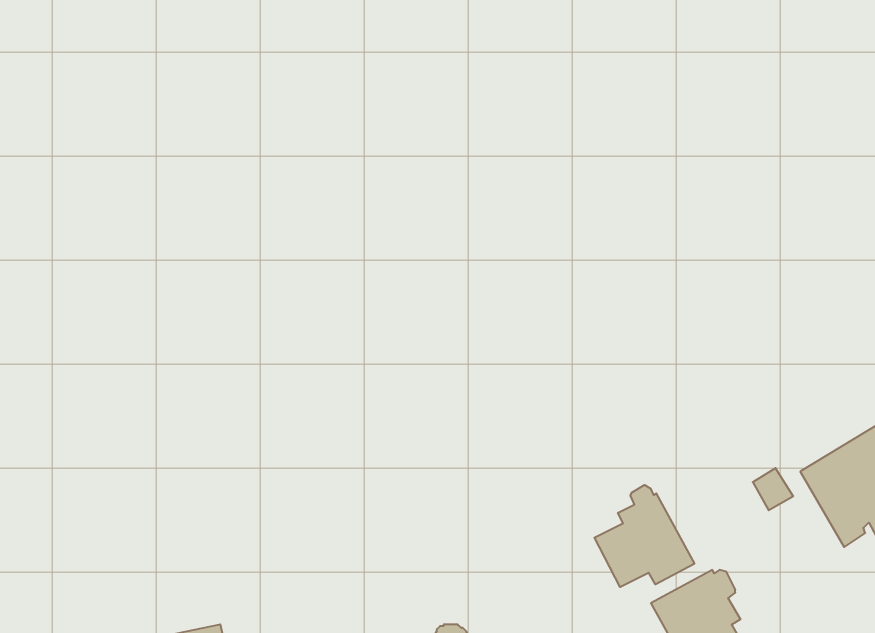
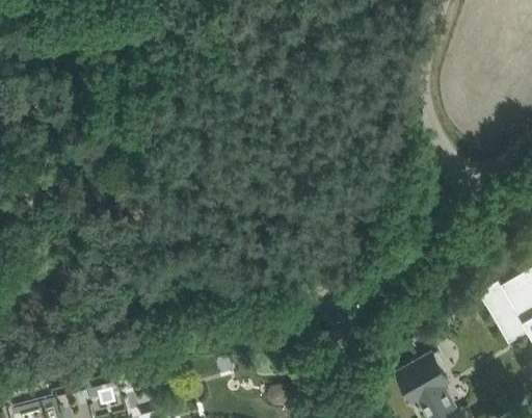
building: [594,485,694,587] -> none

